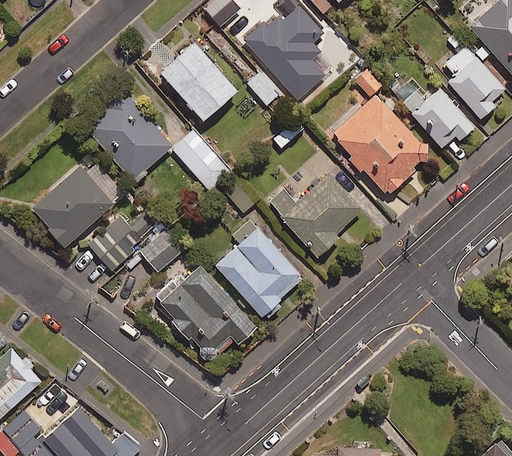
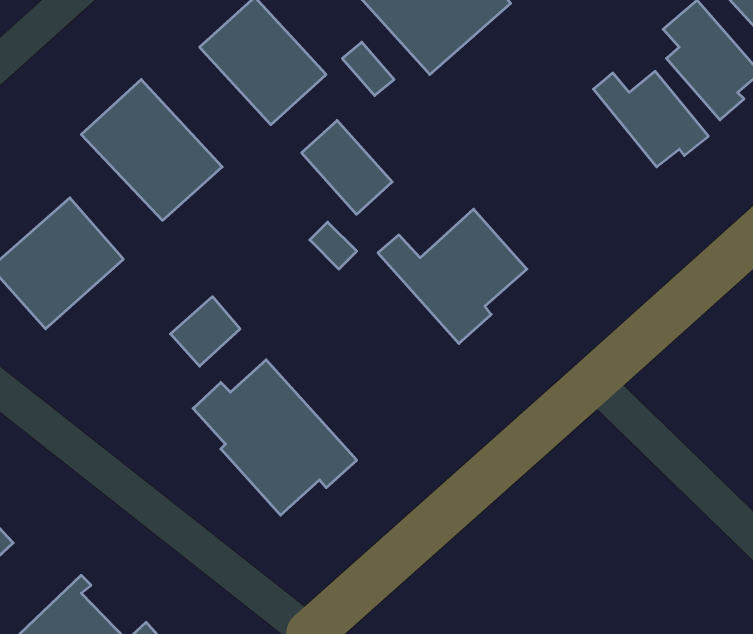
building: [331,95,427,196] -> none
building: [173,131,229,189] -> [302,120,392,214]
building: [93,214,152,266] -> none
building: [216,229,302,319] -> none

